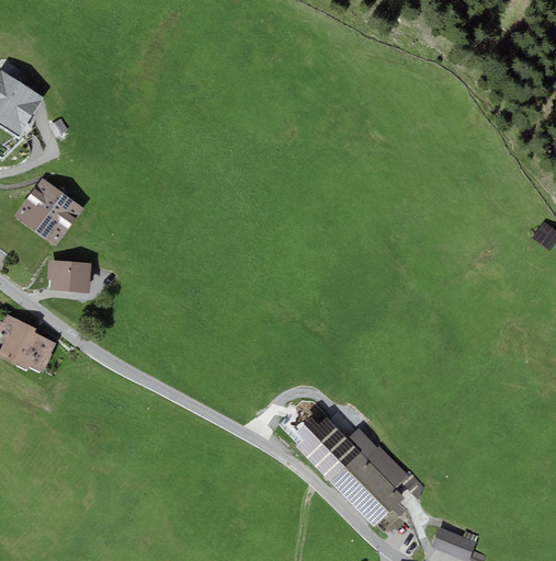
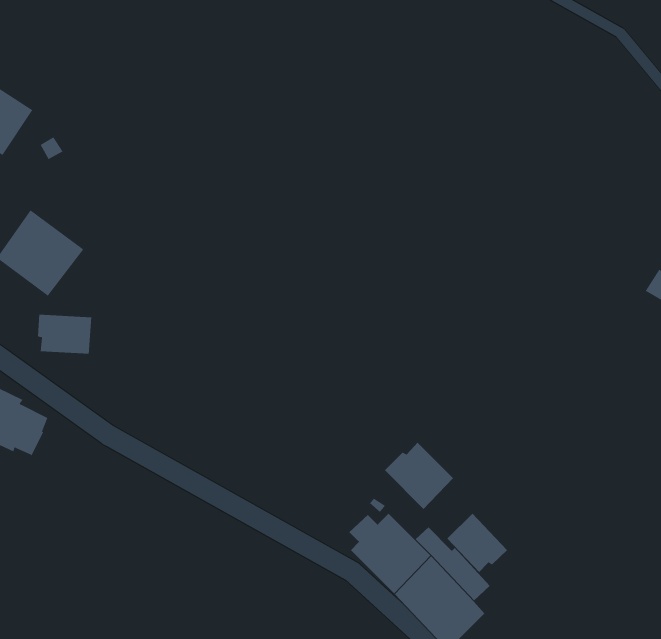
building: none -> [384,442,454,510]
building: none -> [446,513,508,573]

